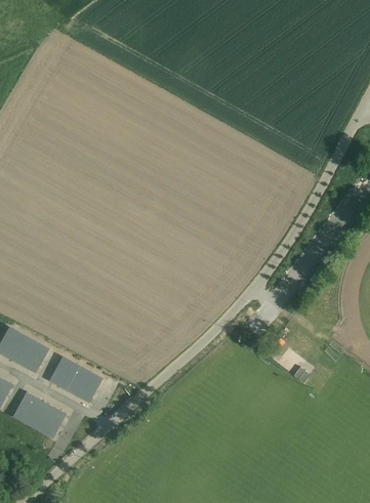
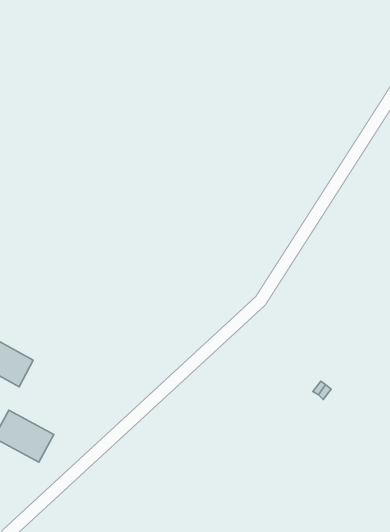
building: [49,357,101,403] -> none

